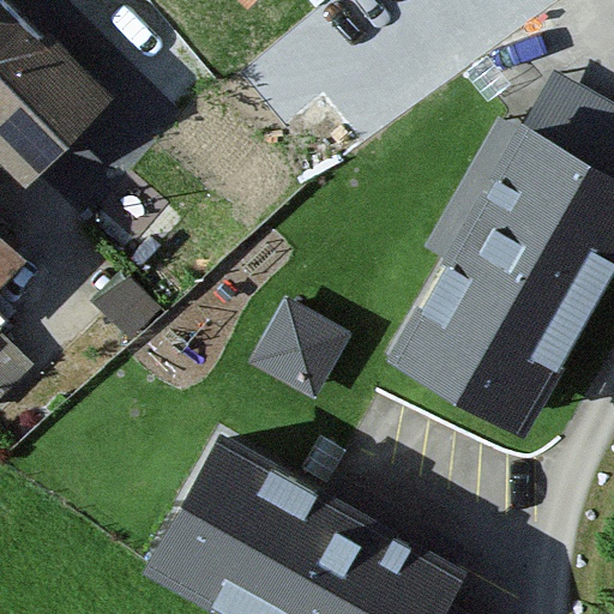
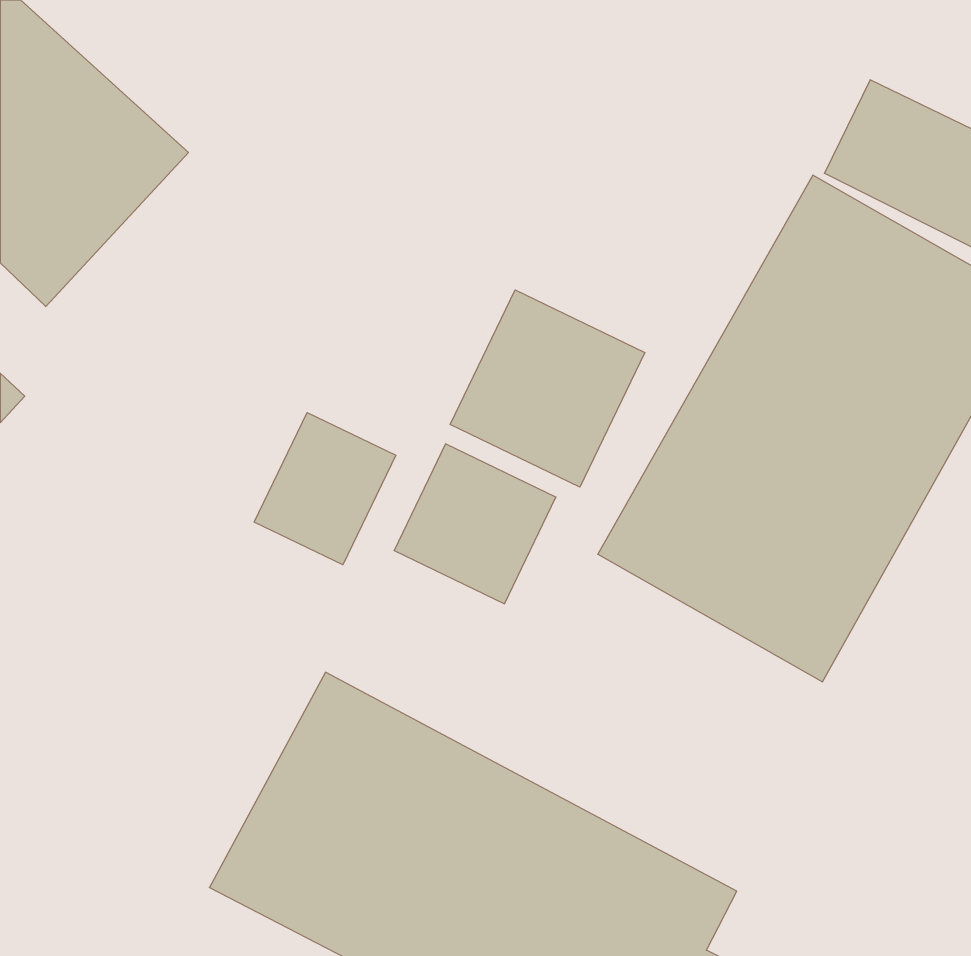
building: none -> [450,290,645,487]
building: none -> [254,413,396,565]

